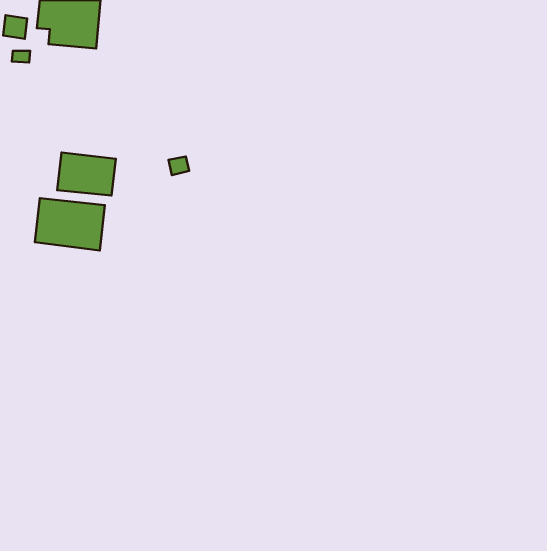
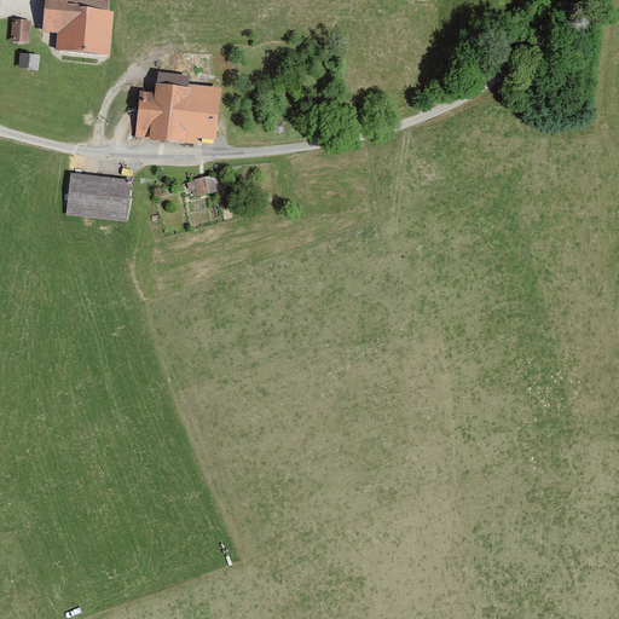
building: none -> [135,81,224,138]
building: [35,198,105,250] -> none

